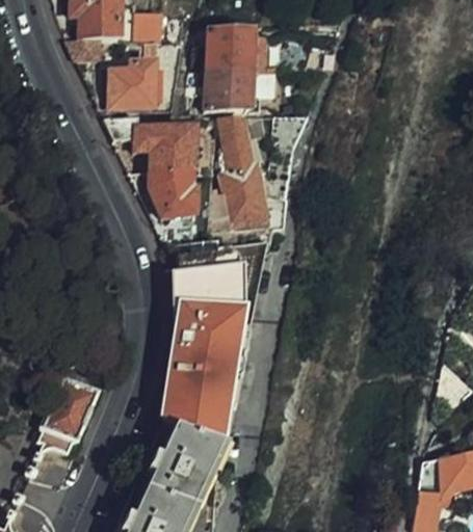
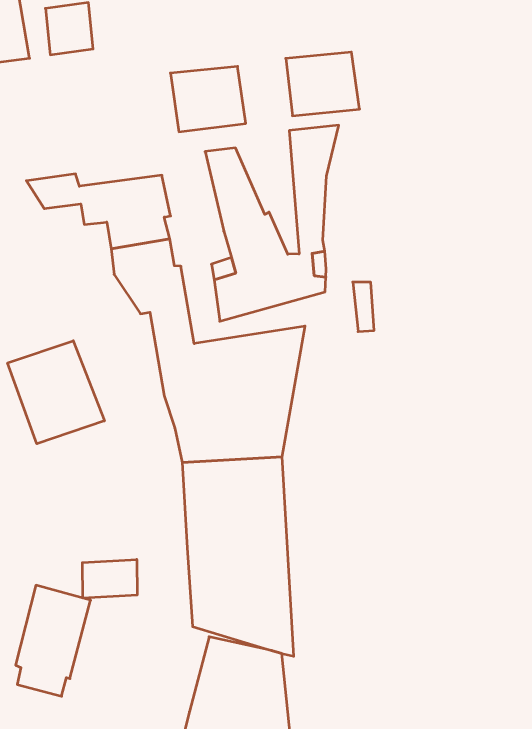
building: [209,28,254,69] -> [286,52,360,116]
building: [110,64,153,109] -> none
building: none -> [8,341,104,444]
building: none -> [82,559,137,598]

